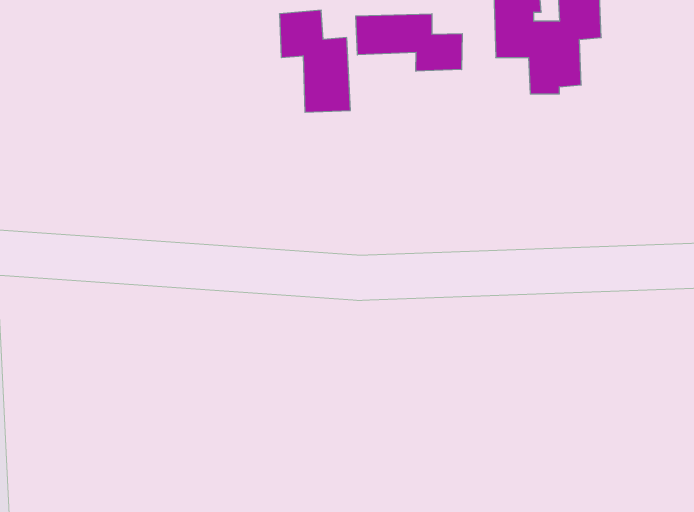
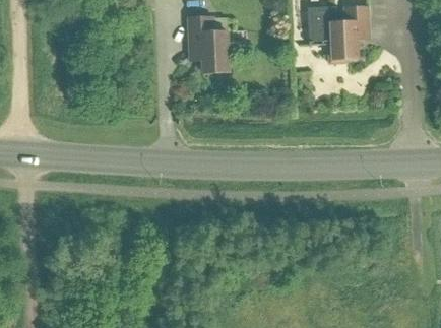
building: [356,14,462,71] -> none

